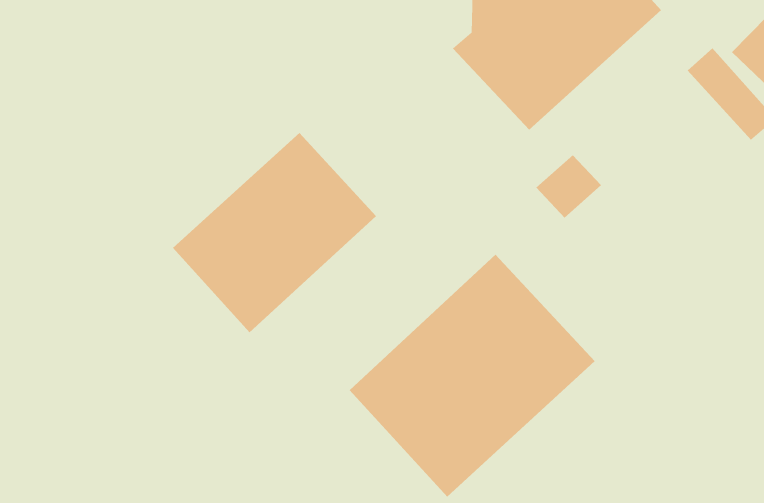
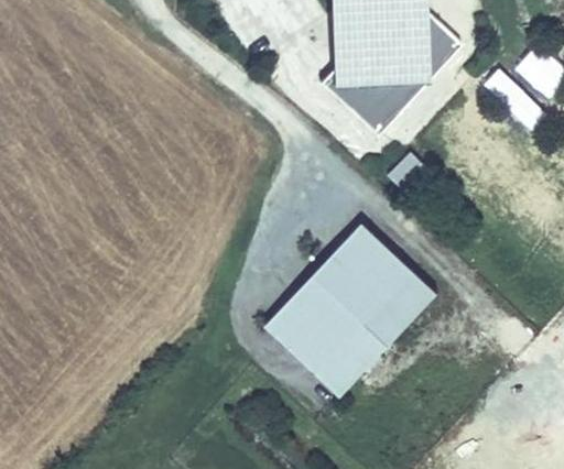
building: [172,132,377,333] -> none

